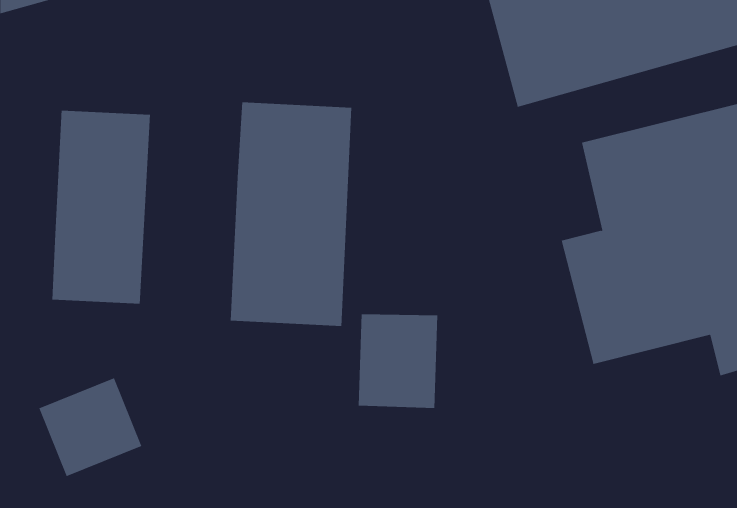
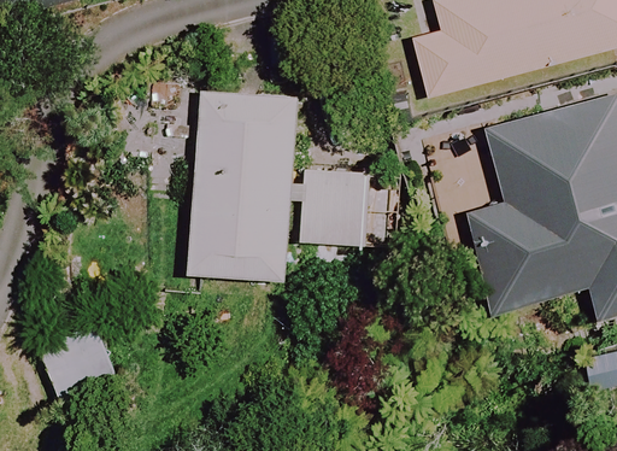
building: [52,110,150,304] -> none
building: [358,314,438,409] -> [302,165,369,244]

